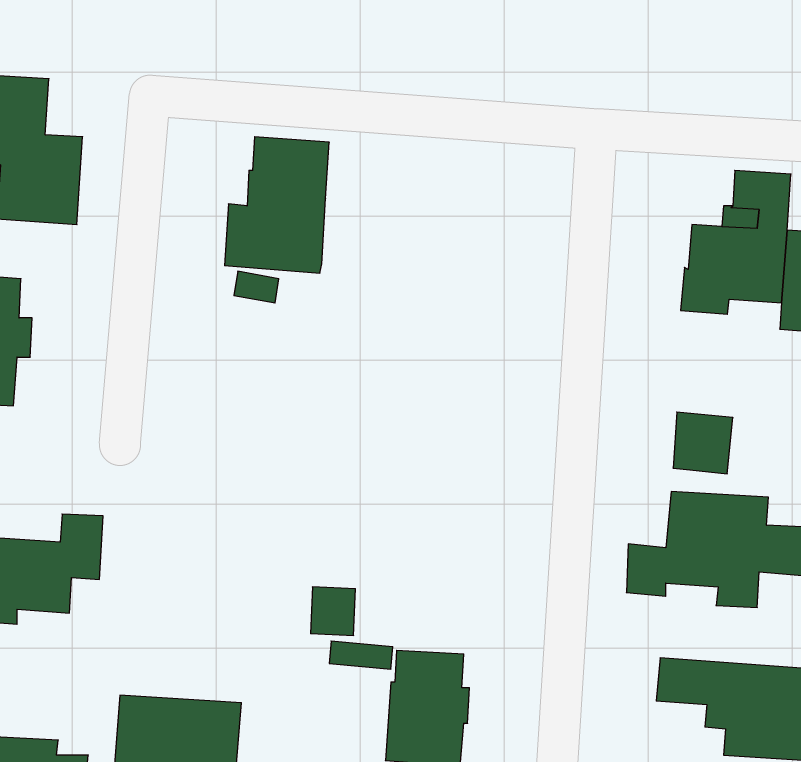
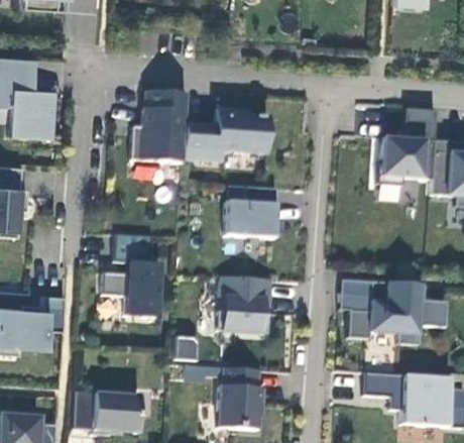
building: none -> [184,107,269,160]
building: none -> [225,187,277,238]
building: none -> [102,233,160,317]
building: [673,412,733,474] -> [340,279,372,312]
building: none -> [218,275,271,333]

